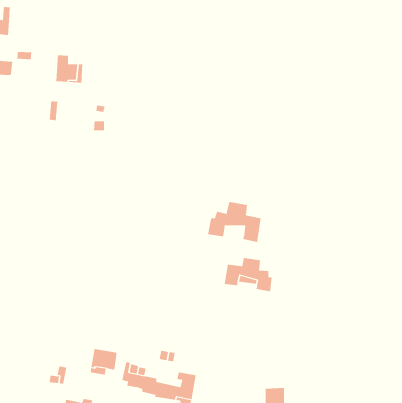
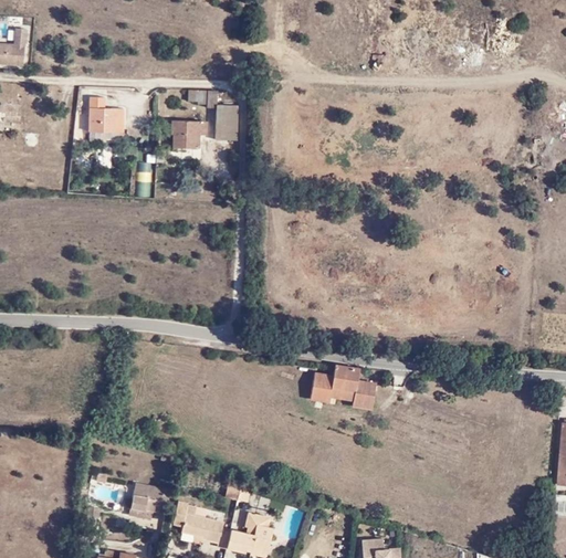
building: none -> [190,91,238,140]
building: none -> [171,122,209,148]
building: [207,201,261,243] -> none

